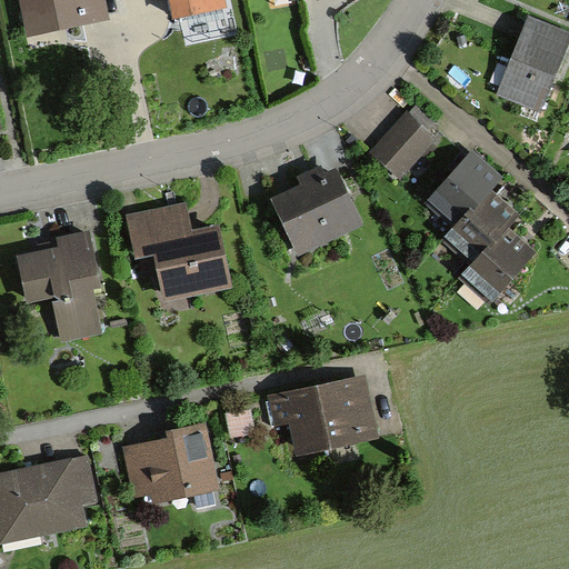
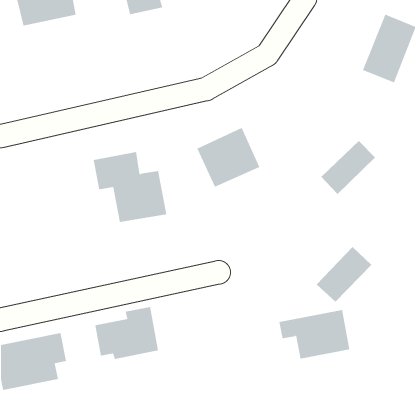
building: [368,116,431,181] -> none
building: [419,152,497,229] -> none
building: [458,226,535,302] -> [316,246,372,302]
building: [16,234,103,340] -> none
building: [276,376,373,443] -> [279,309,350,359]

